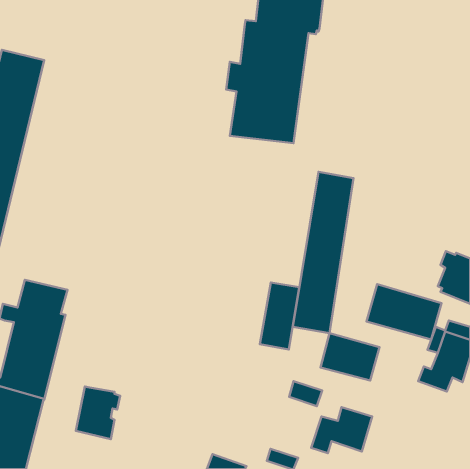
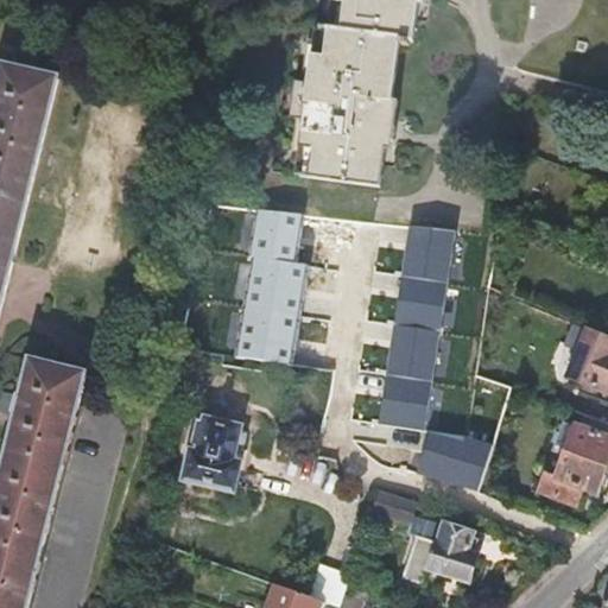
building: none -> [235,208,306,365]
building: [260,282,299,349] -> none
building: [367,284,441,339] -> none
building: [76,386,120,439] -> [184,420,241,488]

